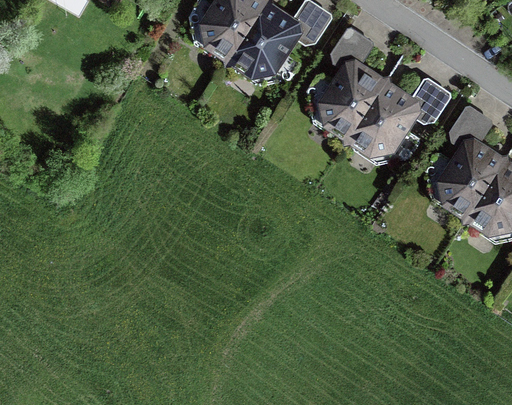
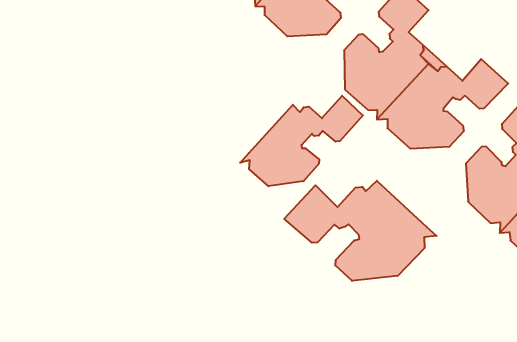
building: none -> [240,96,363,186]
building: none -> [284,181,437,281]

